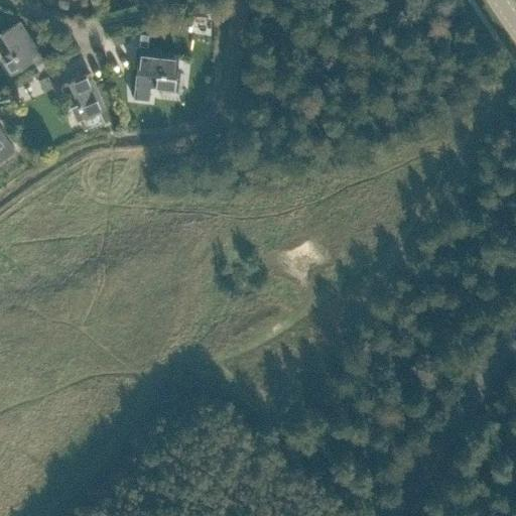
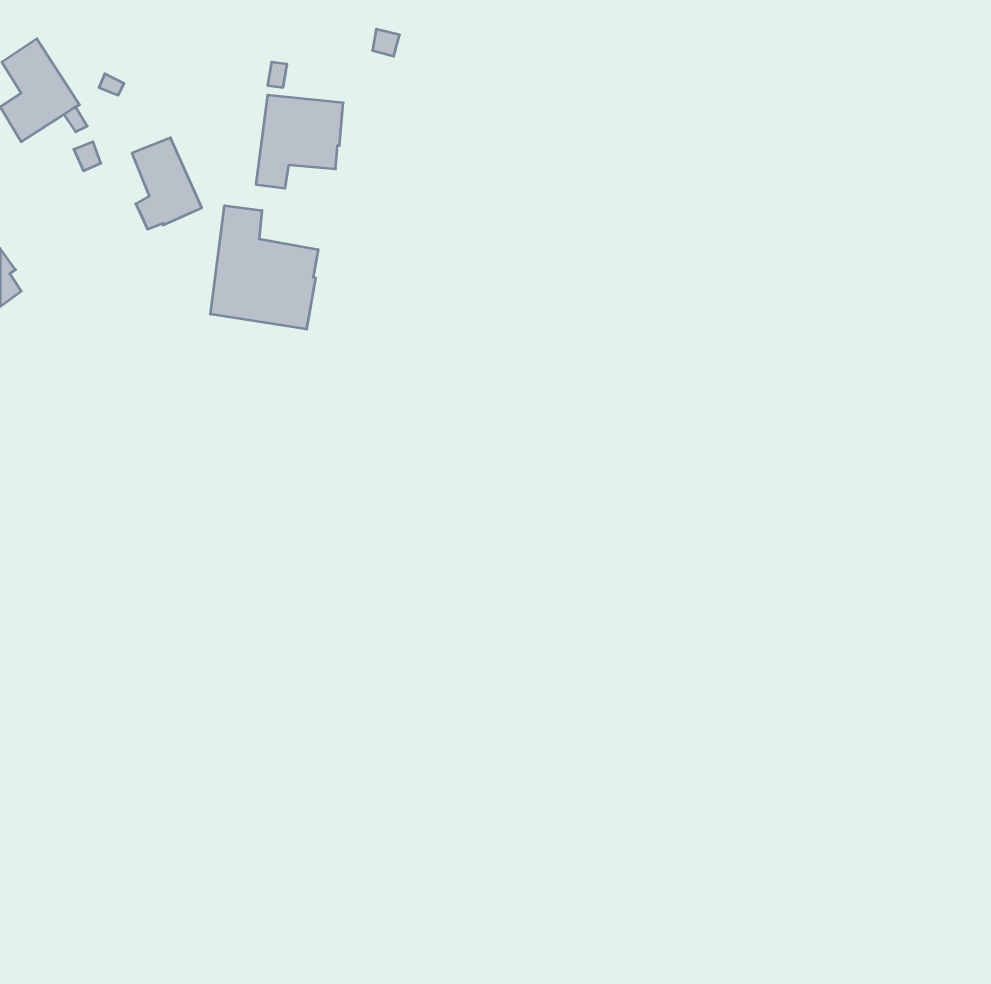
building: none -> [210,206,318,329]

